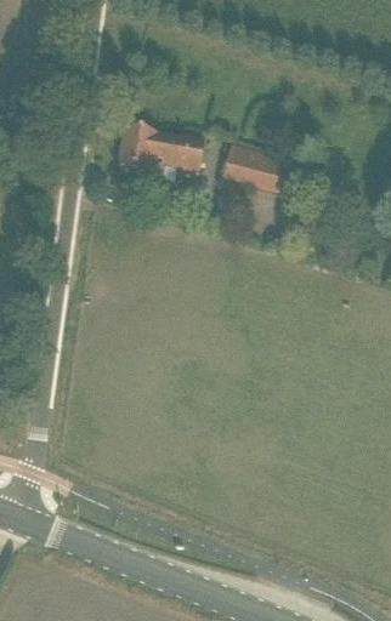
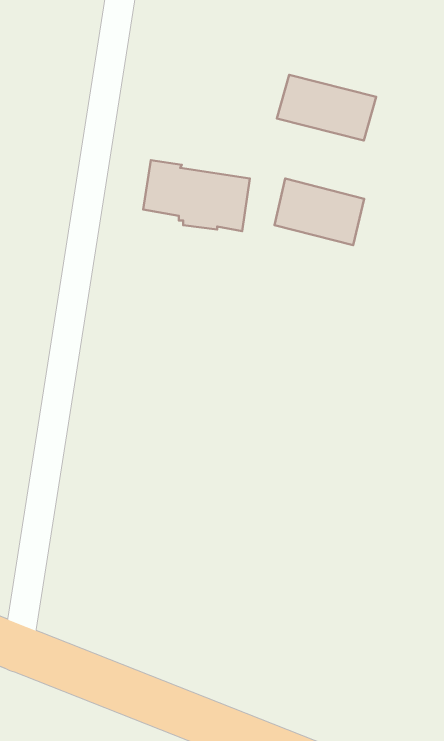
building: none -> [277,75,376,141]

